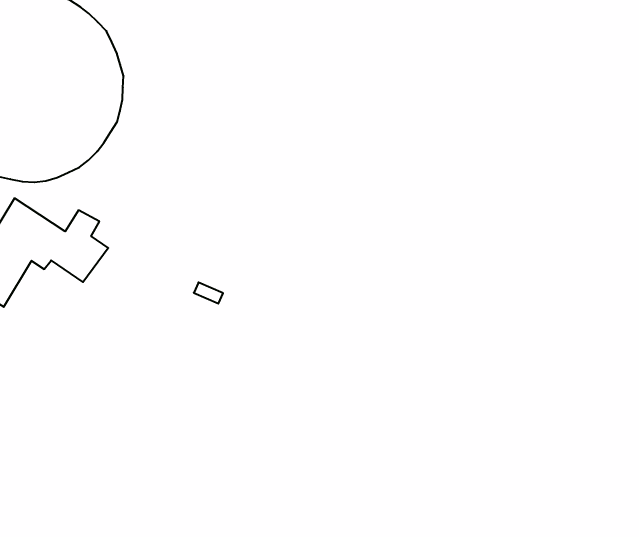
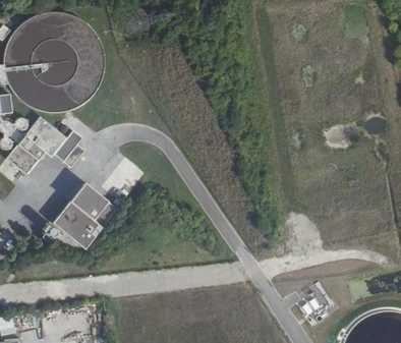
building: none -> [55,180,119,245]

